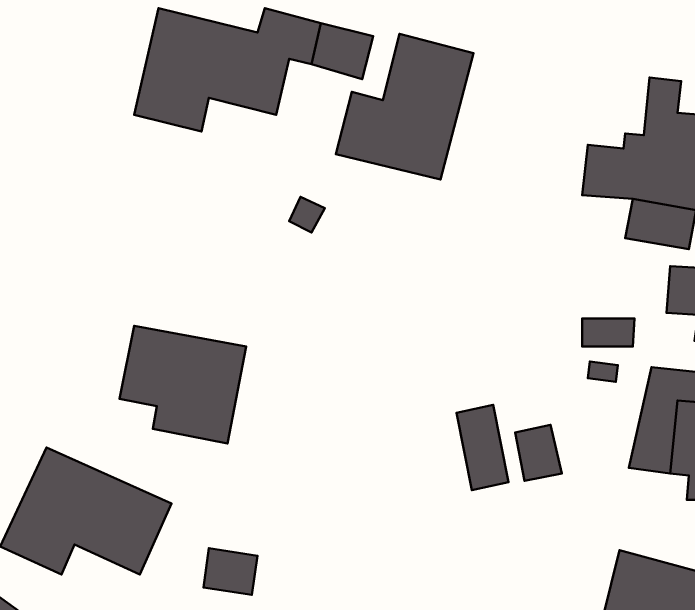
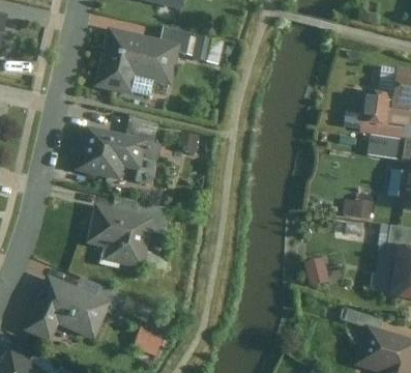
building: [336,34,473,179] -> none
building: none -> [76,121,151,179]
building: [456,405,509,490] -> none

